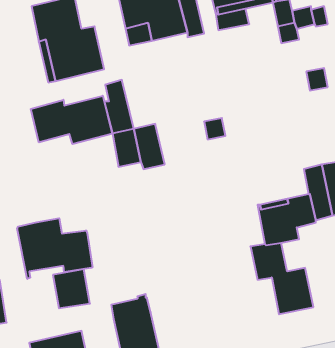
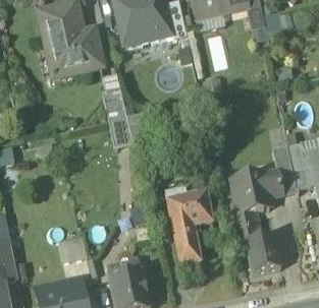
building: [31,96,112,144] -> none
building: none -> [165,184,213,264]
building: [17,218,92,279] -> none

